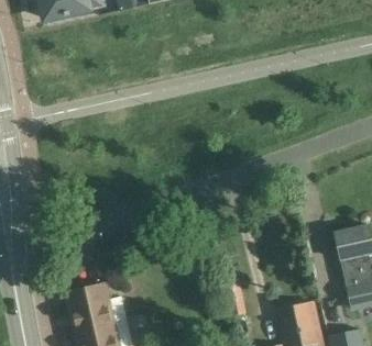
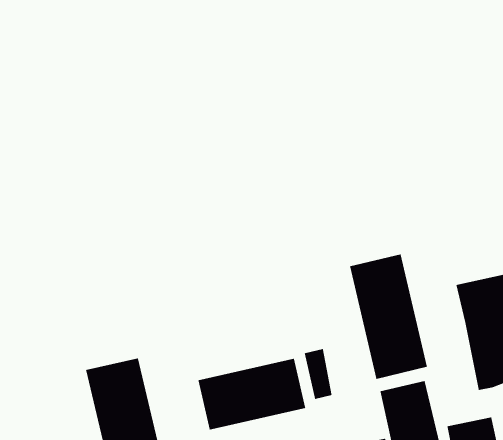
building: none -> [349,253,428,380]
building: none -> [198,358,306,430]

